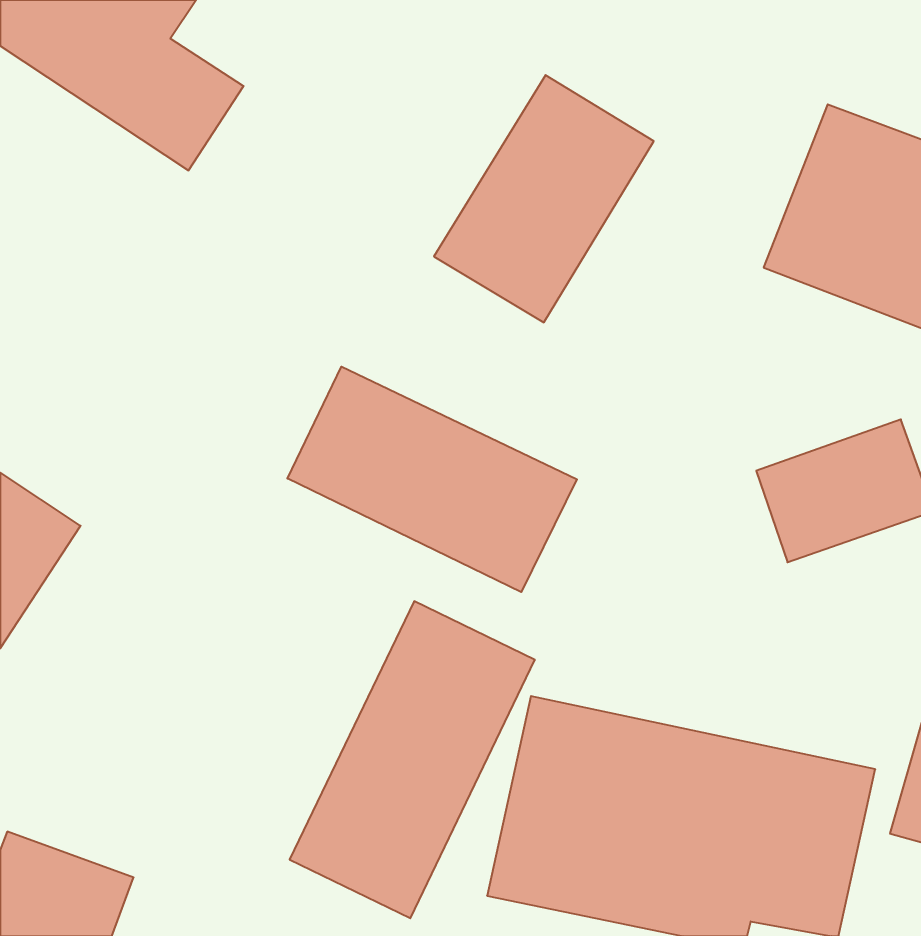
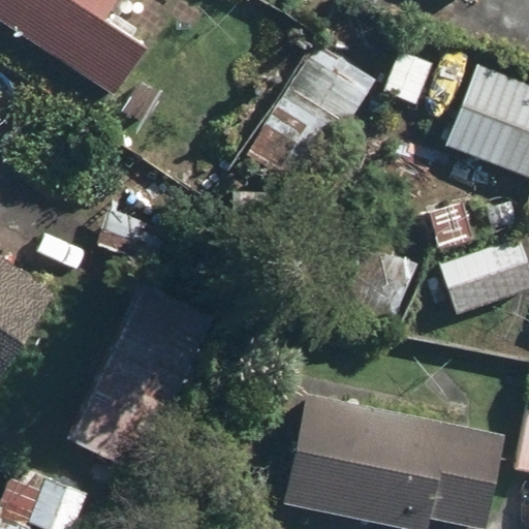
building: [287,367,577,592] -> none
building: [290,601,535,918] -> [76,285,215,464]

